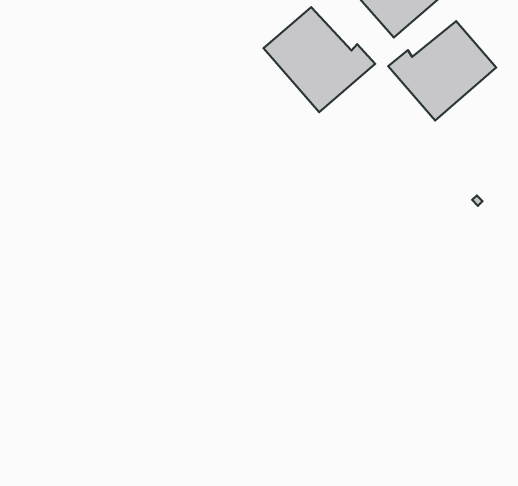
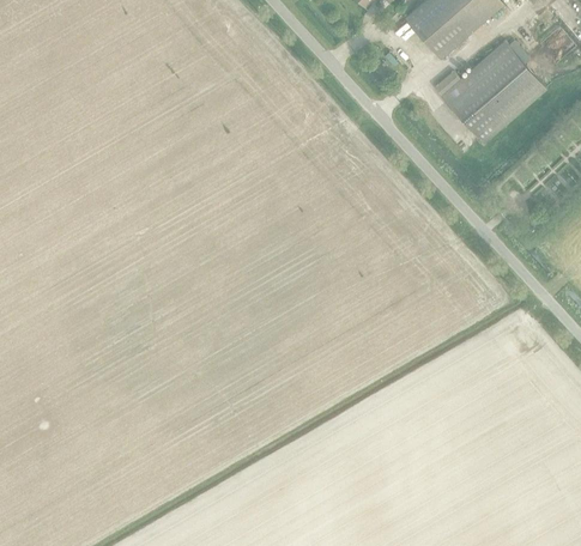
building: [264,7,375,112] -> none

